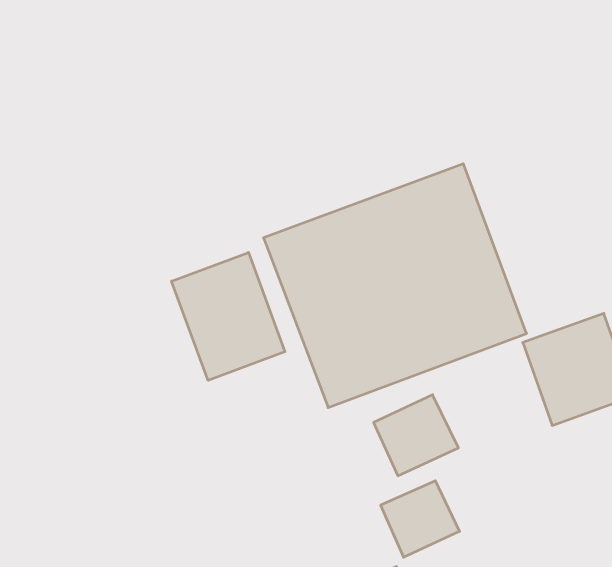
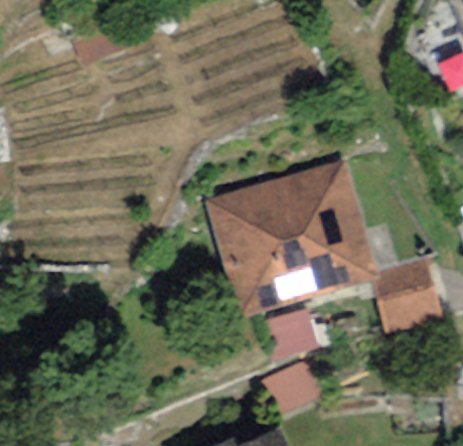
building: [172,252,285,380] -> none

